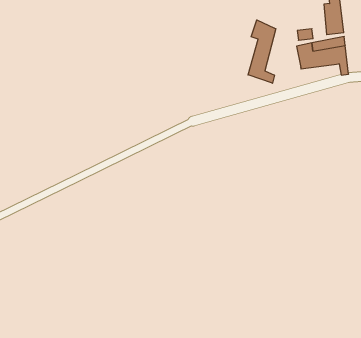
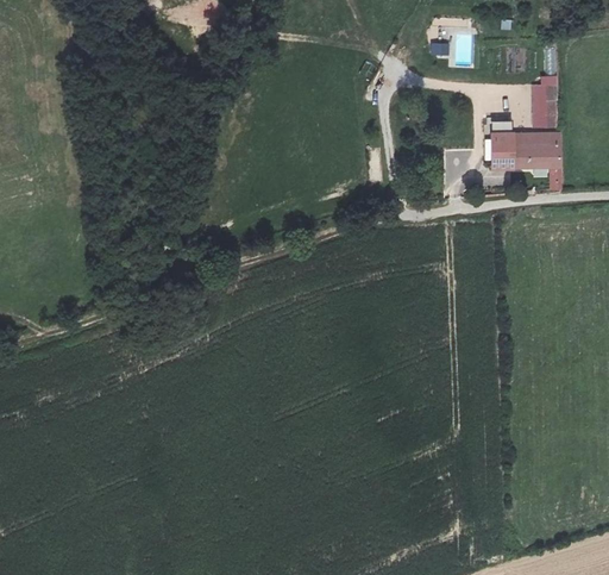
building: [248,20,276,83] -> none

